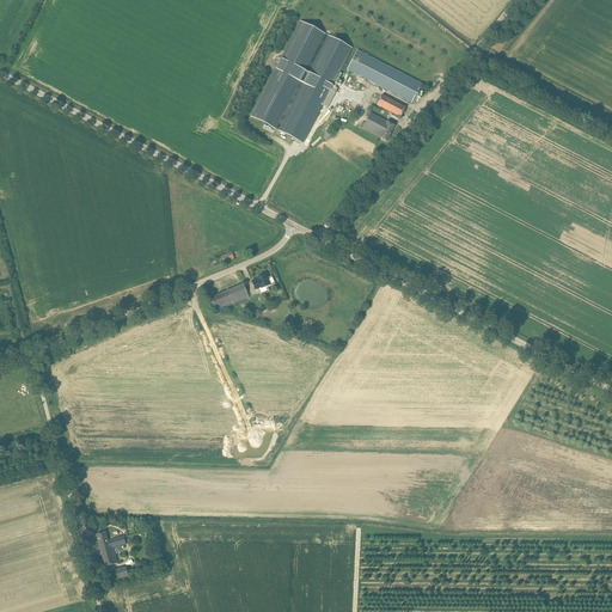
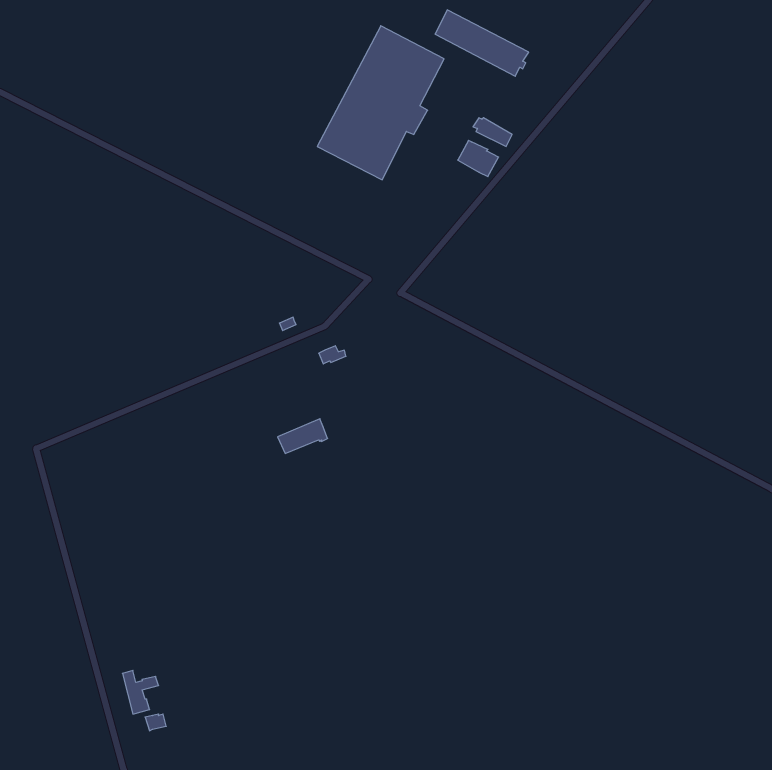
building: [348,49,422,102] -> [435,10,529,76]
building: [210,282,250,310] -> [278,419,328,453]

